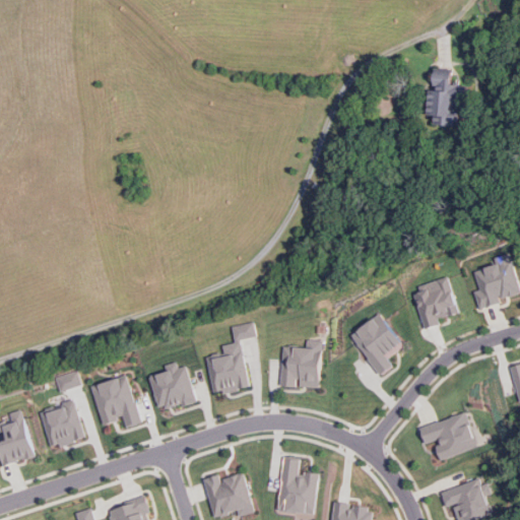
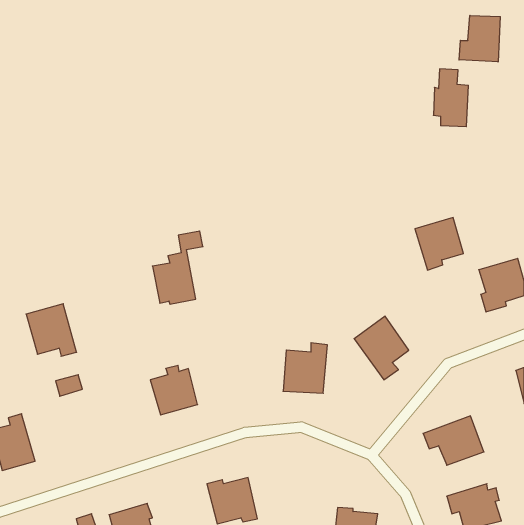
building: none -> [459,15,500,62]
building: [411,277,459,329] -> [415,218,463,270]
building: [205,321,255,393] -> [152,231,203,304]
building: [90,375,140,427] -> [26,304,77,356]
building: [39,400,85,449] -> none
building: [278,457,319,514] -> none

